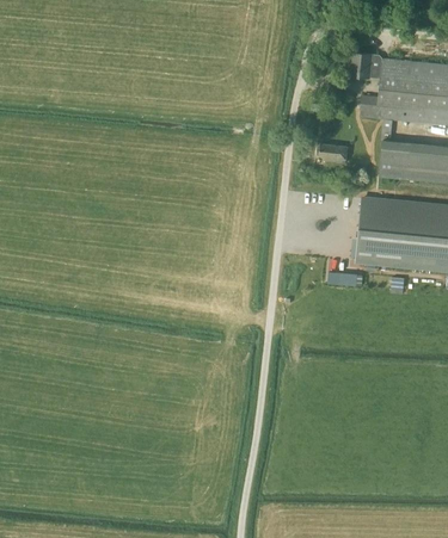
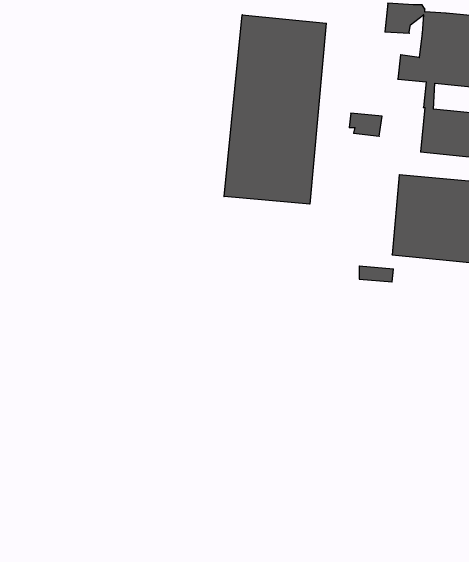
building: none -> [224,15,326,204]

